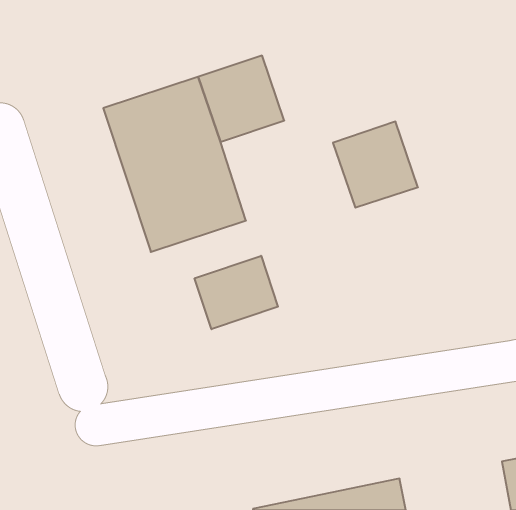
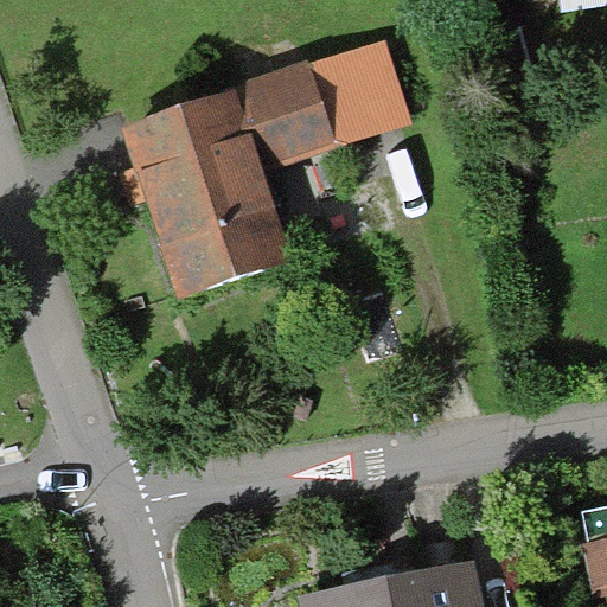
building: [333,122,418,208] -> [308,40,408,141]
building: [195,256,278,329] -> none

